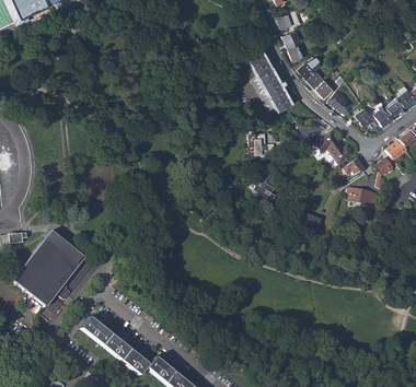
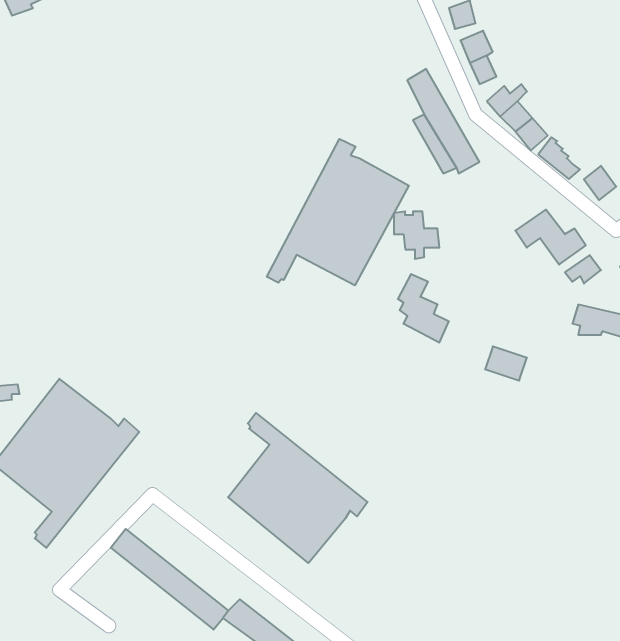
building: none -> [267,139,409,285]
building: none -> [228,413,368,563]

